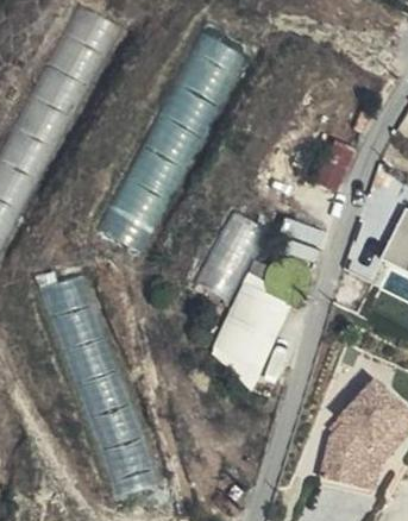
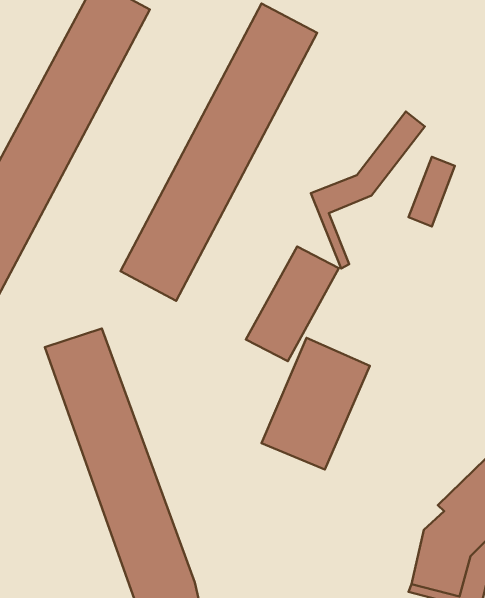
building: none -> [311,112,425,269]

